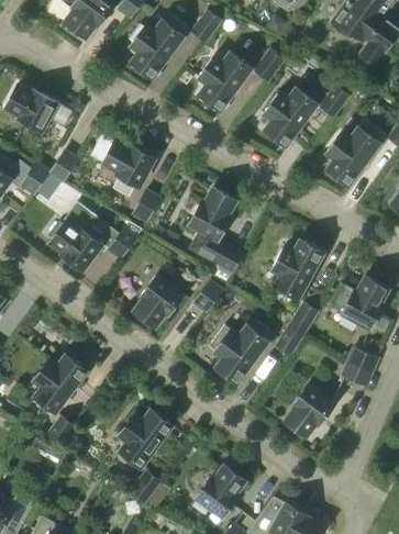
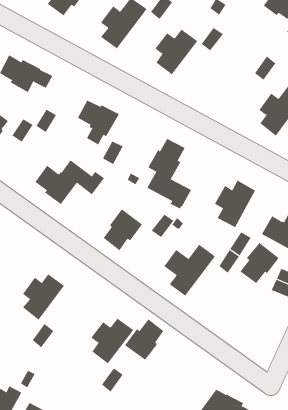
building: [263,89,315,147] -> none
building: [284,386,333,437] -> [240,242,280,284]
building: [195,466,244,518] -> [124,319,164,360]

